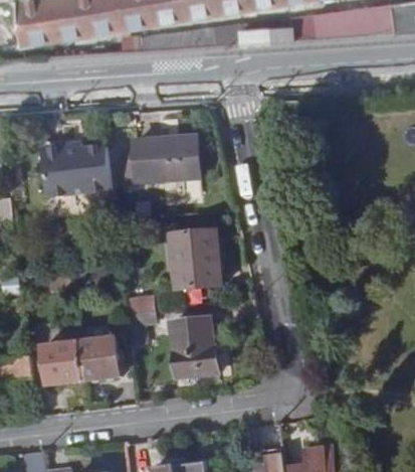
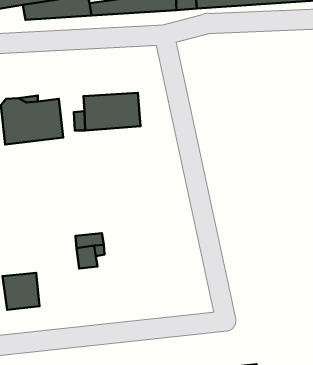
building: [173,229,222,290] -> none
building: [174,318,217,376] -> none
building: [78,338,119,381] -> none

